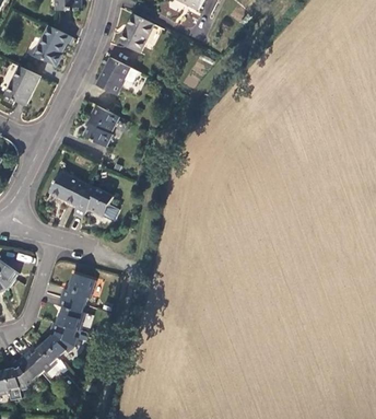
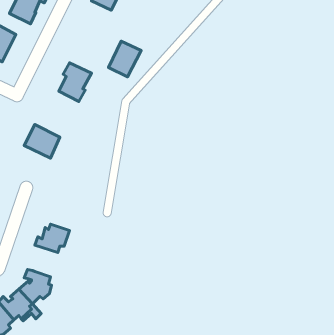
building: [97,57,131,94] -> [109,41,141,77]
building: [72,183,119,219] -> none
building: [58,296,85,330] -> none

